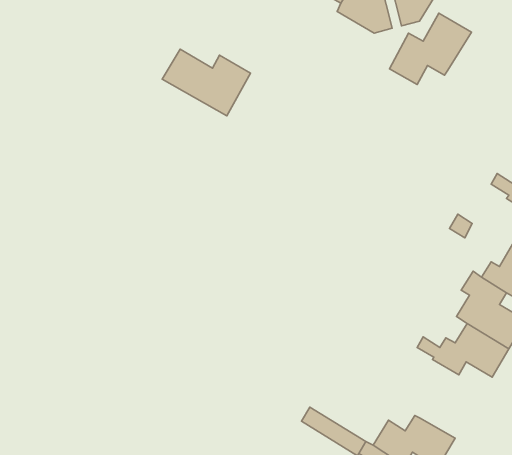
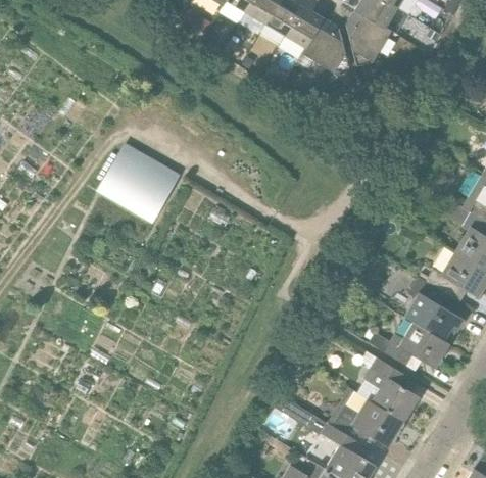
building: [389,13,471,84] -> none
building: [162,49,251,116] -> [103,156,179,213]
building: none -> [366,358,418,420]

